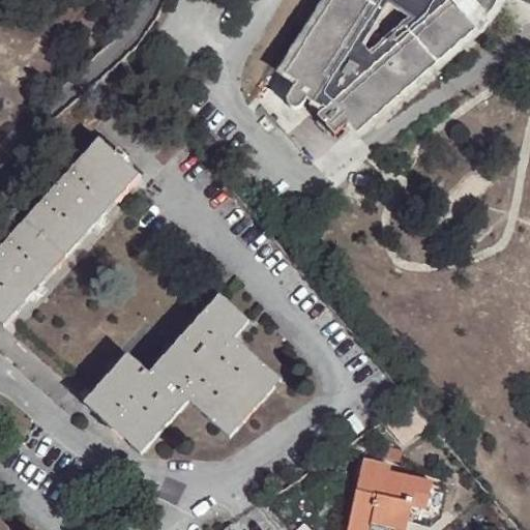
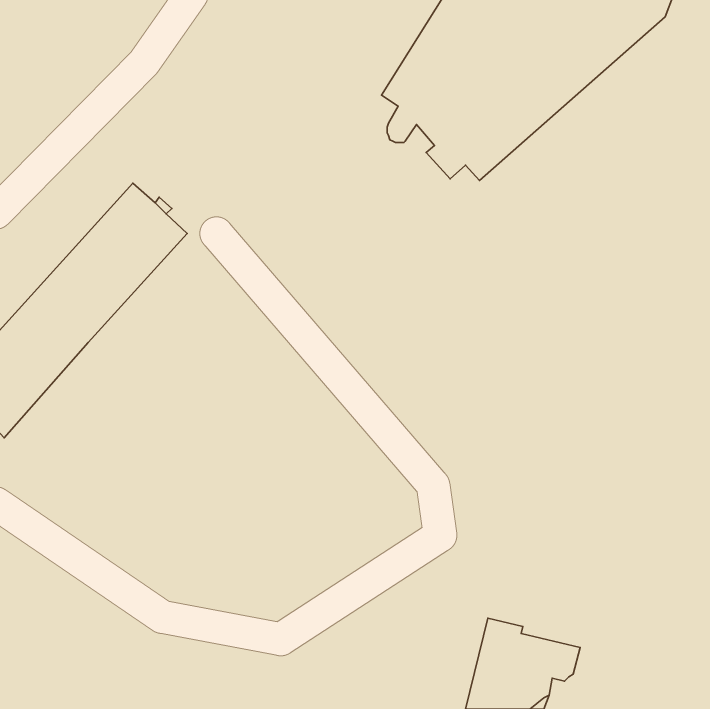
building: [83,293,279,452] -> none

